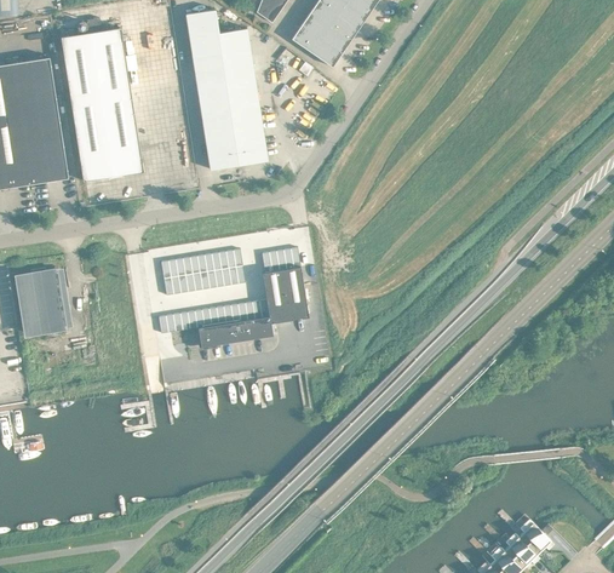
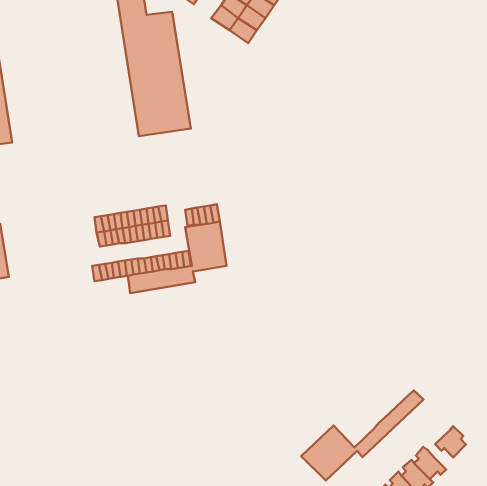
building: [61,28,143,181] -> none
building: none -> [301,390,424,481]
building: none -> [435,426,466,458]

